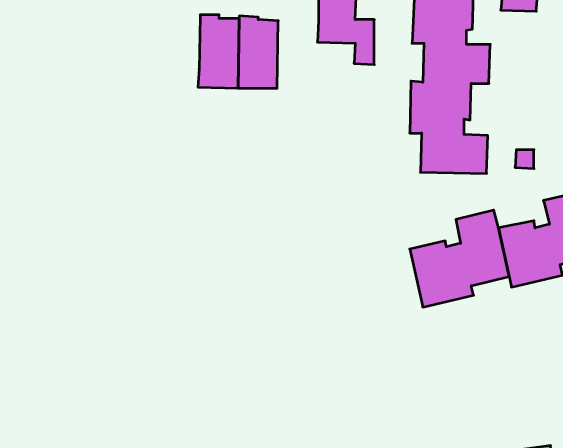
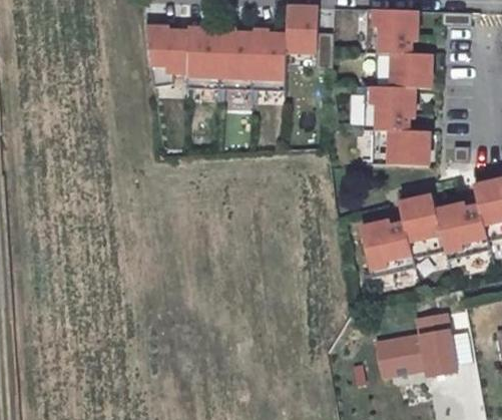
building: none -> [143,25,186,87]
building: none -> [252,29,287,90]
building: none -> [374,310,470,377]

